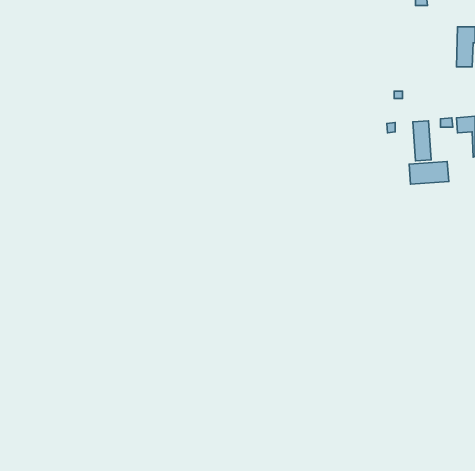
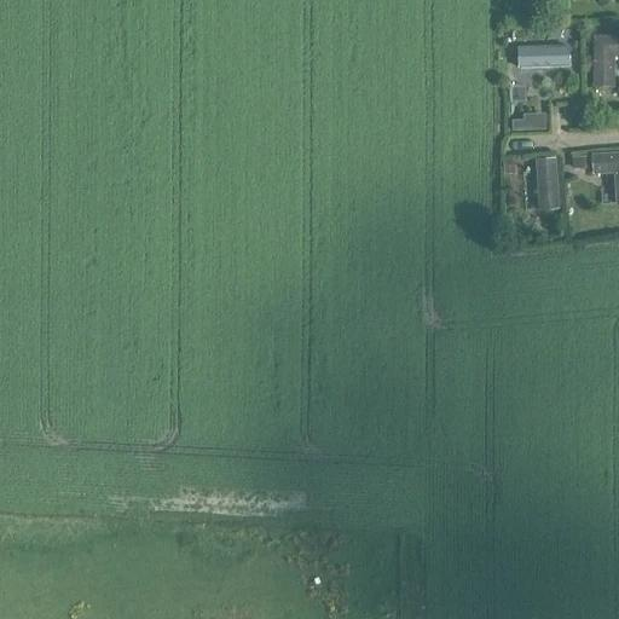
building: none -> [517,44,569,65]
building: [409,162,449,184] -> none

